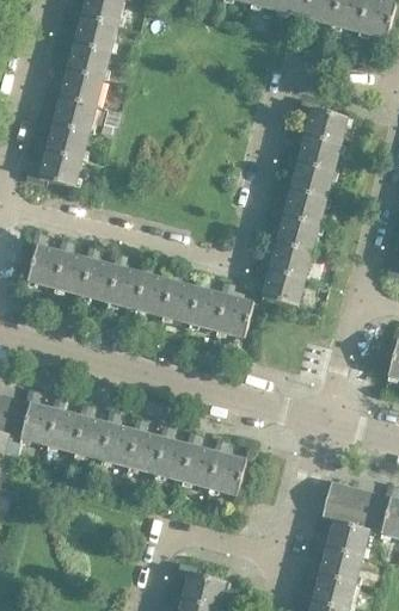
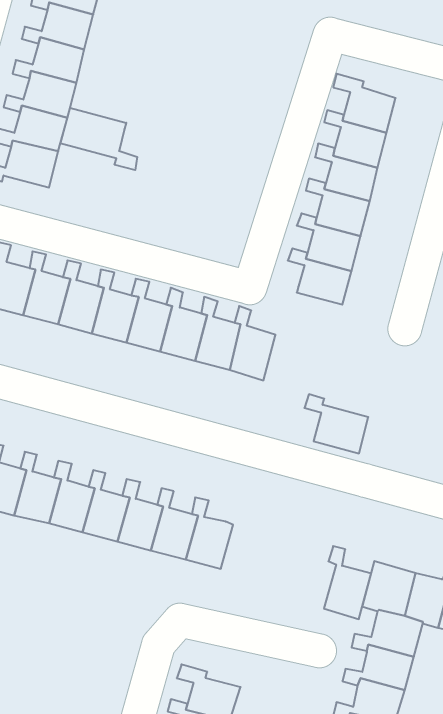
building: none -> [60,108,137,170]
building: [256,263,306,309] -> [304,394,368,453]
building: [210,439,247,496] -> [324,546,371,619]

